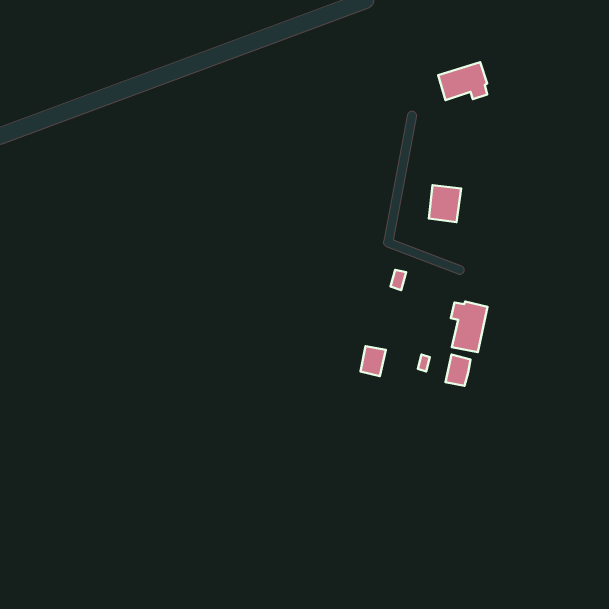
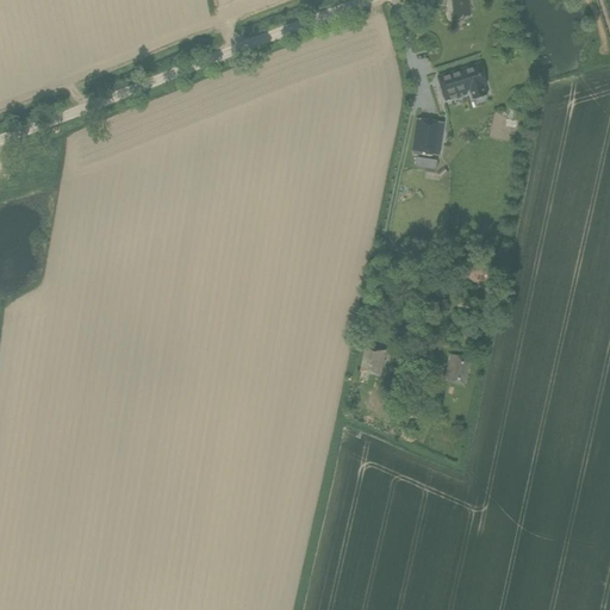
building: [429,185,461,222] -> [411,119,443,156]
building: [451,301,488,352] -> none

